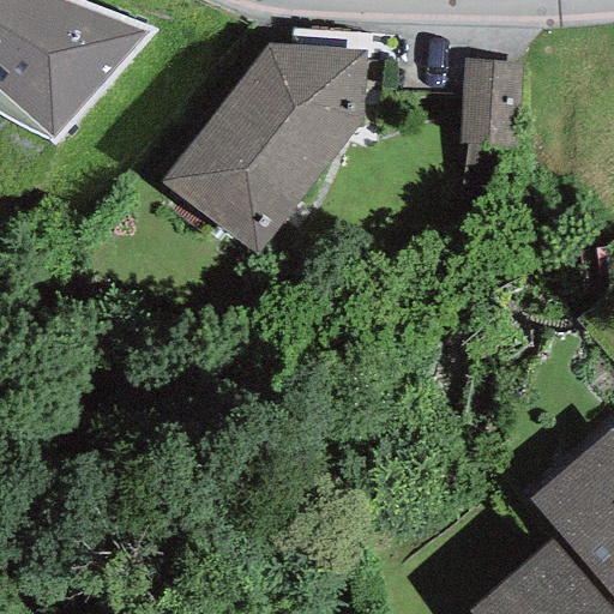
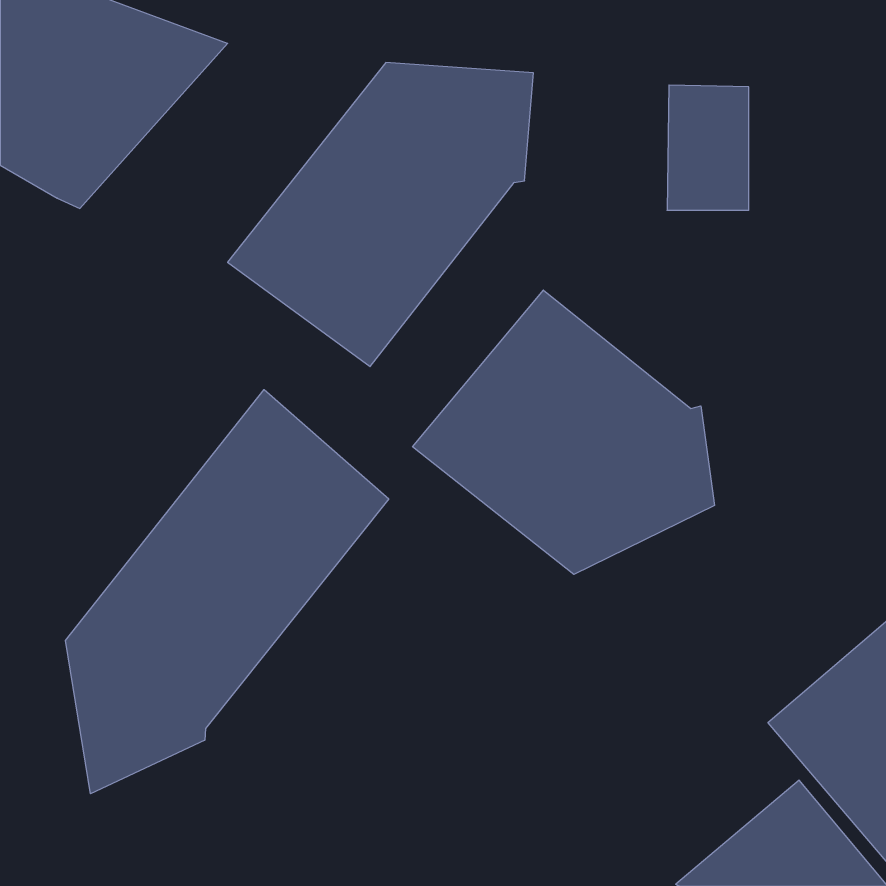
building: none -> [413,290,715,574]
building: none -> [66,390,389,794]

